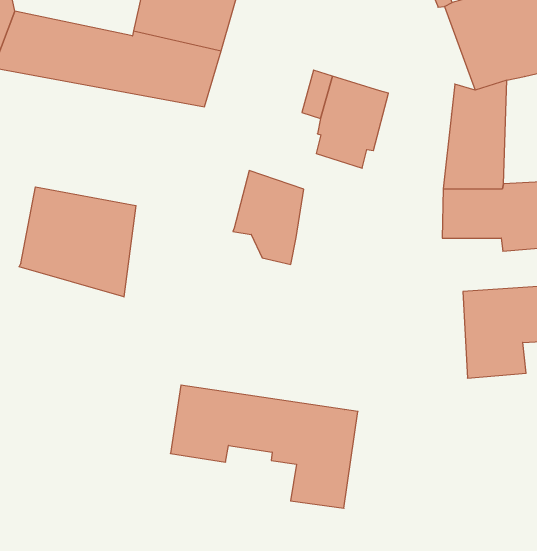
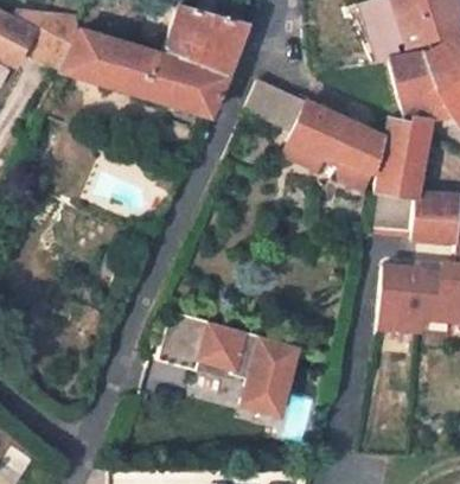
building: none -> [247,82,292,126]
building: [233,171,304,264] -> [327,119,382,190]
building: [19,187,136,297] -> none

